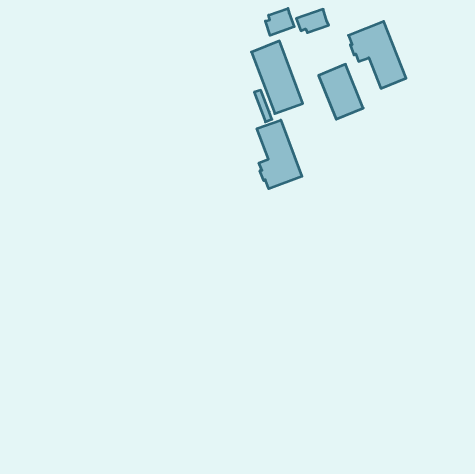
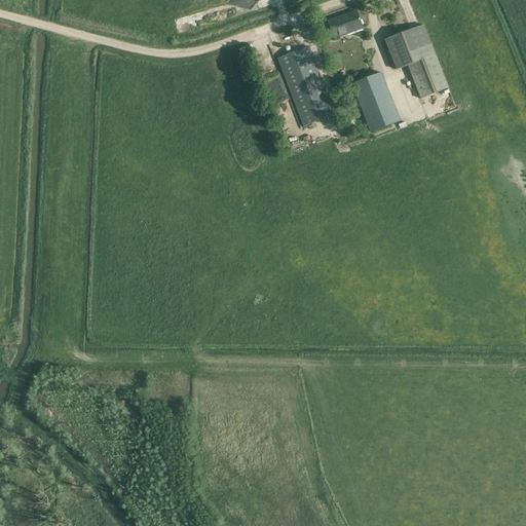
building: [265,8,294,35] -> none
building: [257,120,302,189] -> none

